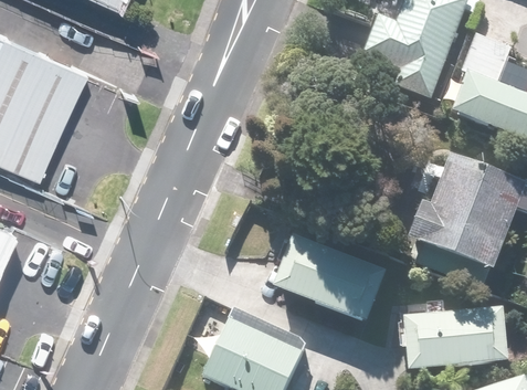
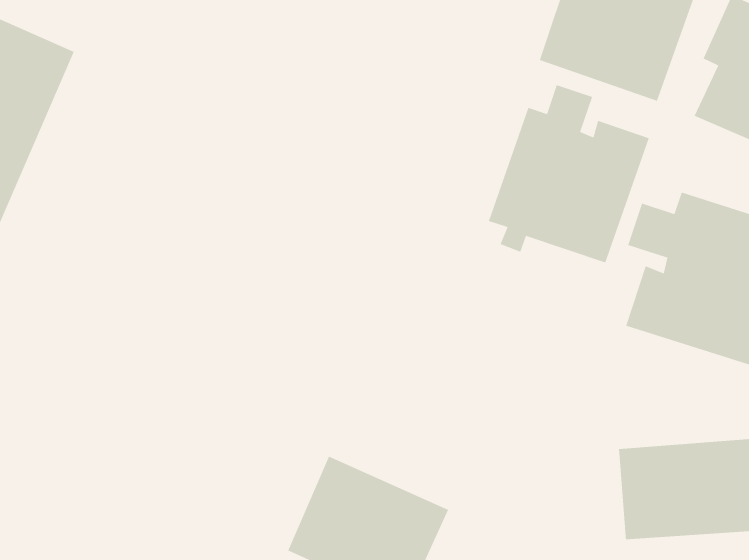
building: none -> [488,84,650,263]
building: [276,232,393,323] -> none

